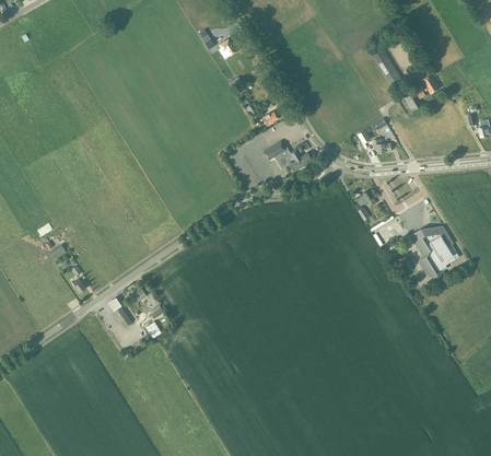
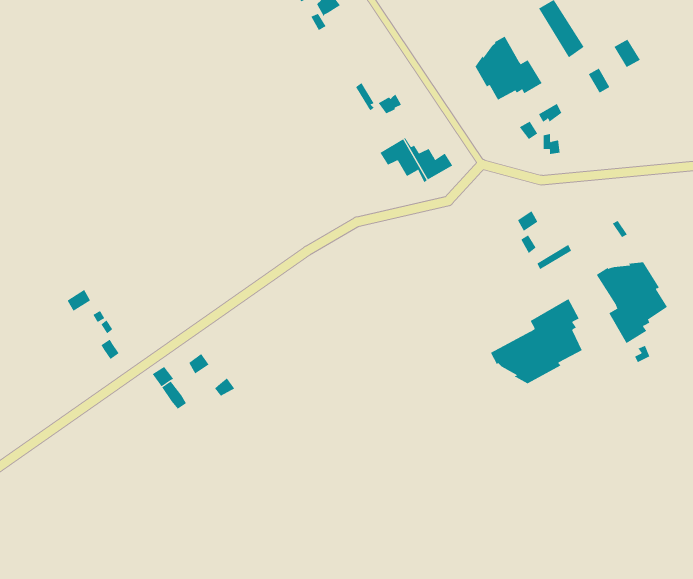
building: none -> [475,36,543,101]
building: none -> [490,298,582,384]

